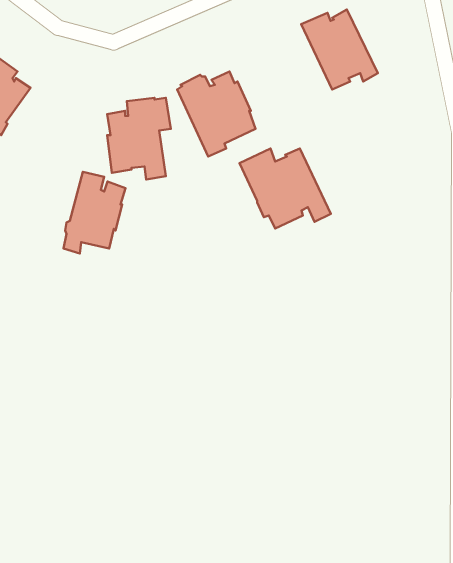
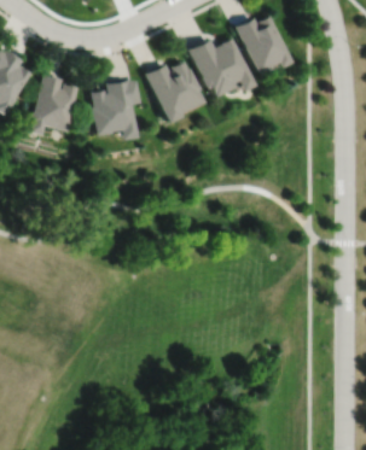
building: [239,148,331,228] -> [187,37,255,97]
building: [63,172,125,253] -> [33,75,79,135]

